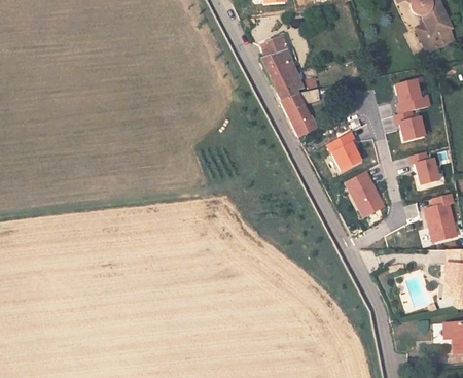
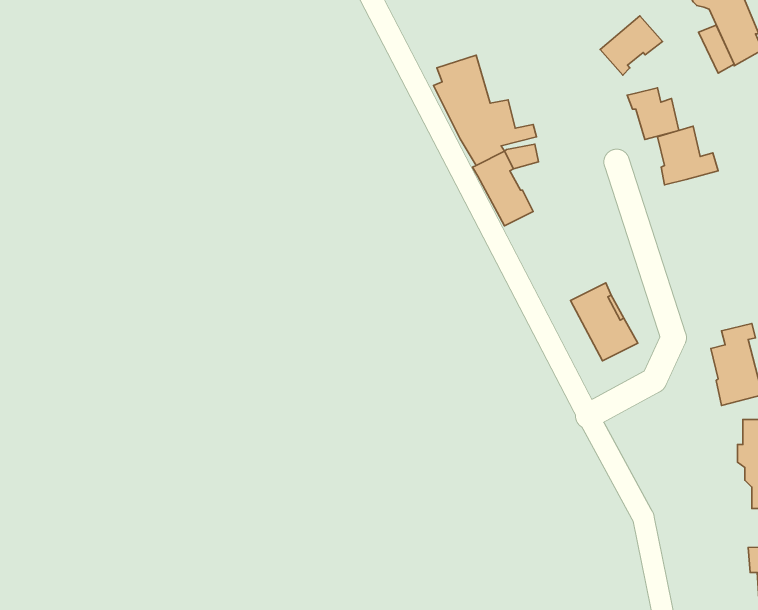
building: none -> [600,16,662,75]
building: [391,110,421,140] -> [627,88,679,140]
building: [324,131,357,169] -> none
building: [406,151,434,184] -> none

